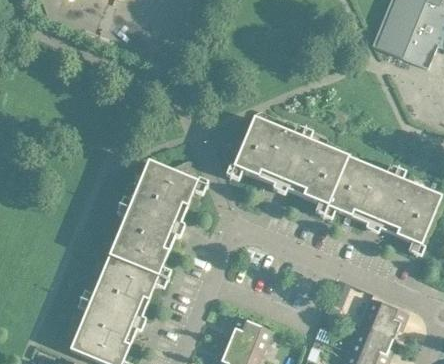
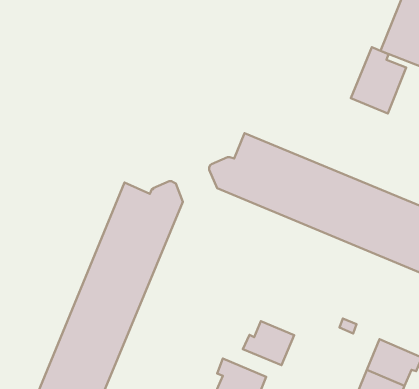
building: none -> [351,47,406,113]
building: none -> [243,321,294,365]

